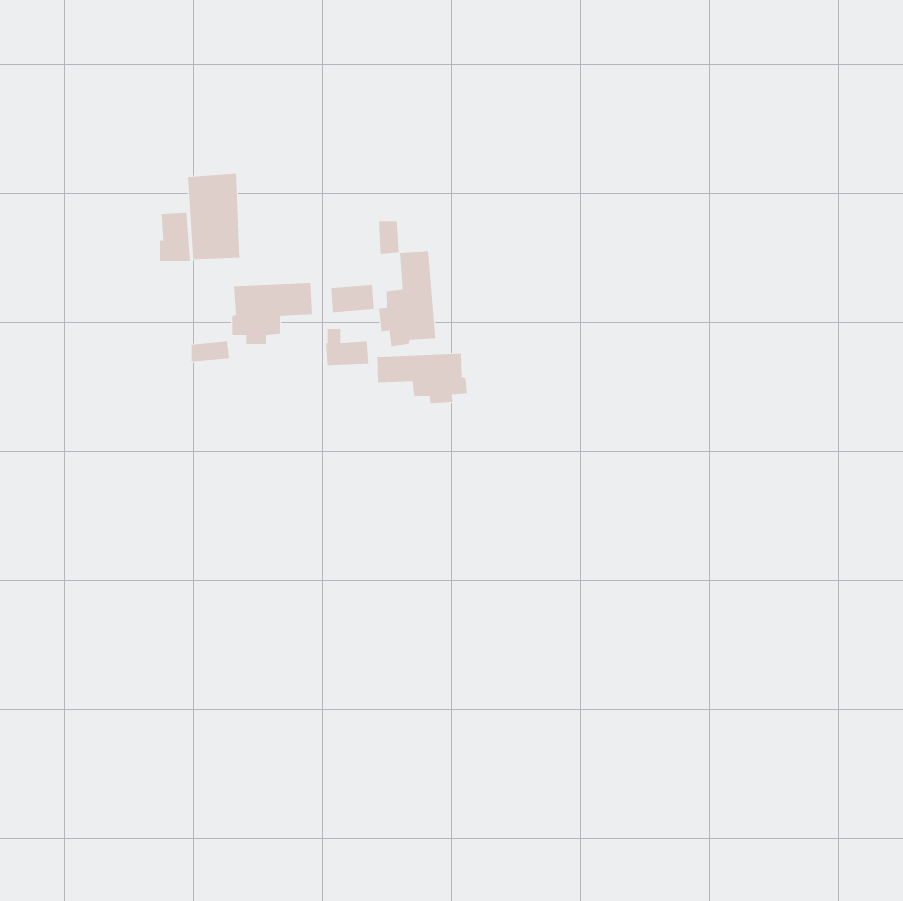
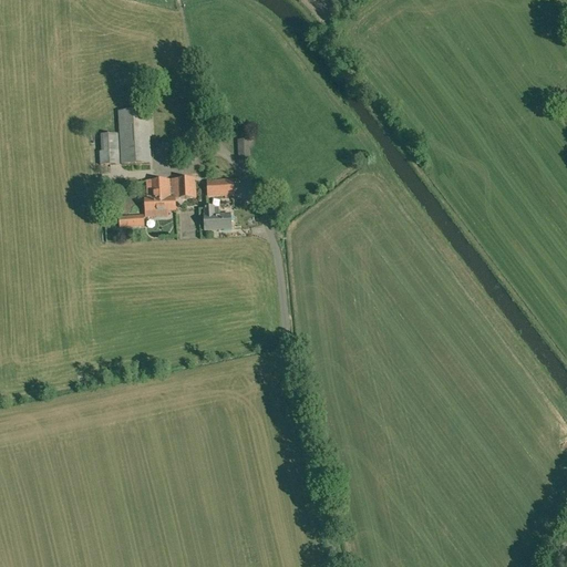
building: [378,251,436,347] -> none
building: [377,353,468,404] -> none

